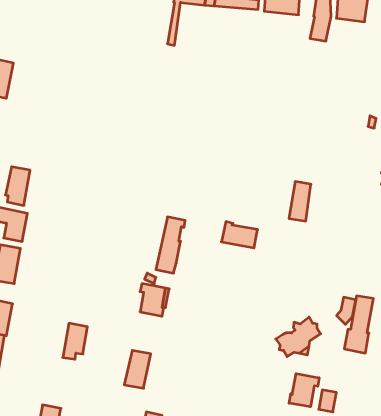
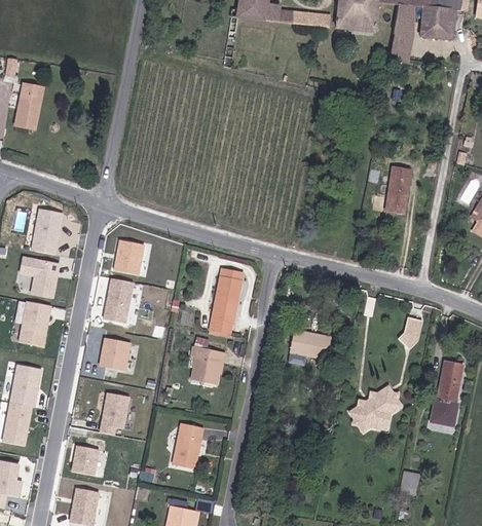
building: [289,182,311,221] -> [384,166,410,213]
building: none -> [111,238,143,275]
building: [221,222,258,248] -> [289,328,331,359]
building: none -> [103,277,133,323]
building: none -> [100,338,121,368]
building: [337,297,356,324] -> [401,318,423,350]
building: none -> [72,445,99,476]
building: [289,374,319,407] -> none

